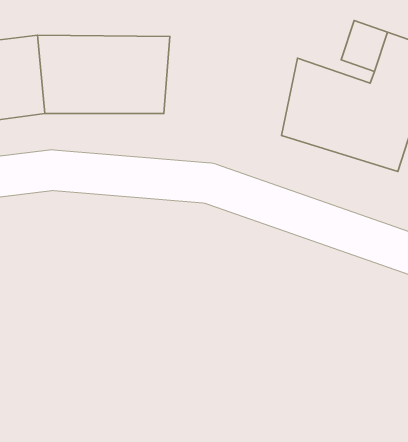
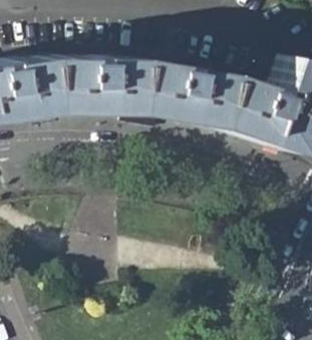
building: none -> [134,59,227,127]

